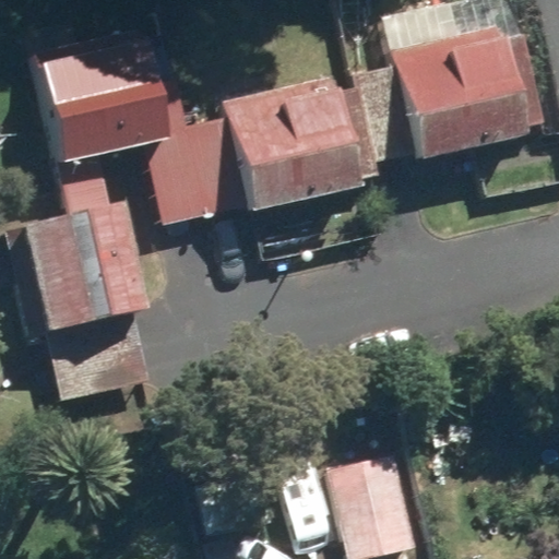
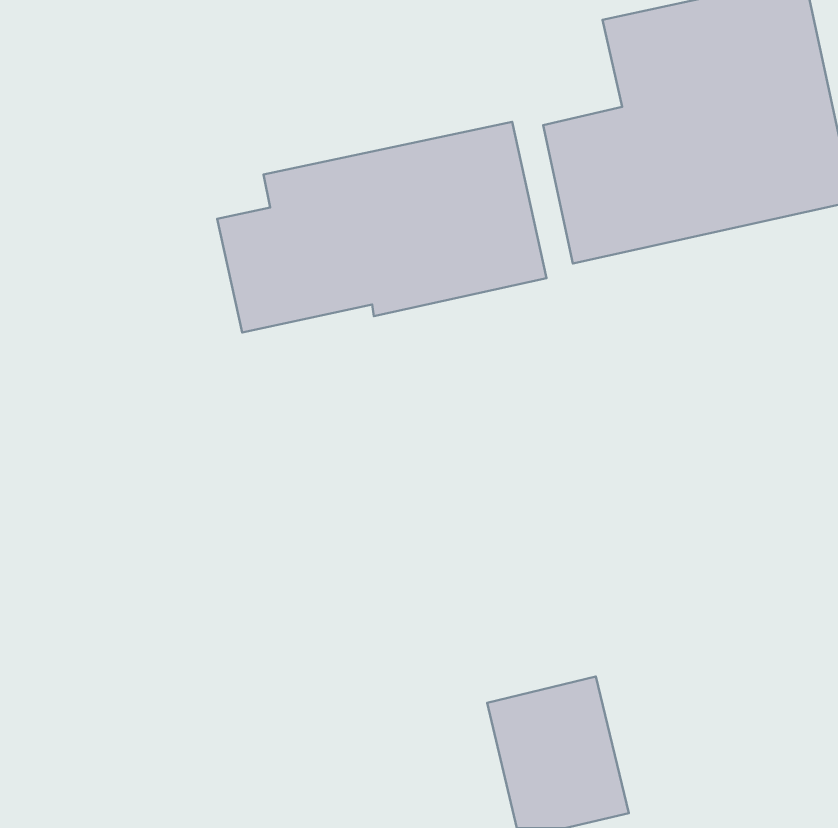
building: [14,14,158,190] -> none
building: [21,215,158,400] -> none

